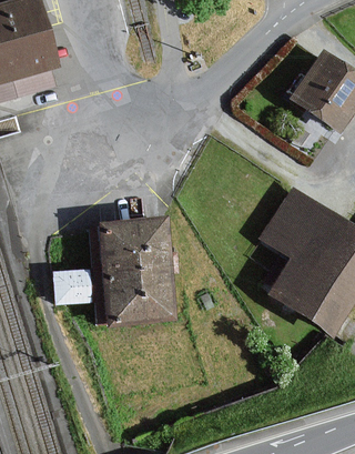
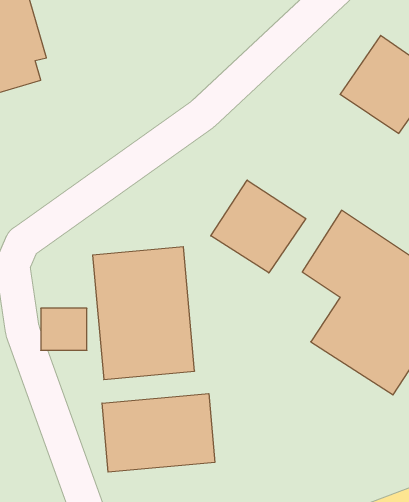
building: none -> [211,180,306,273]
building: none -> [102,394,215,472]

